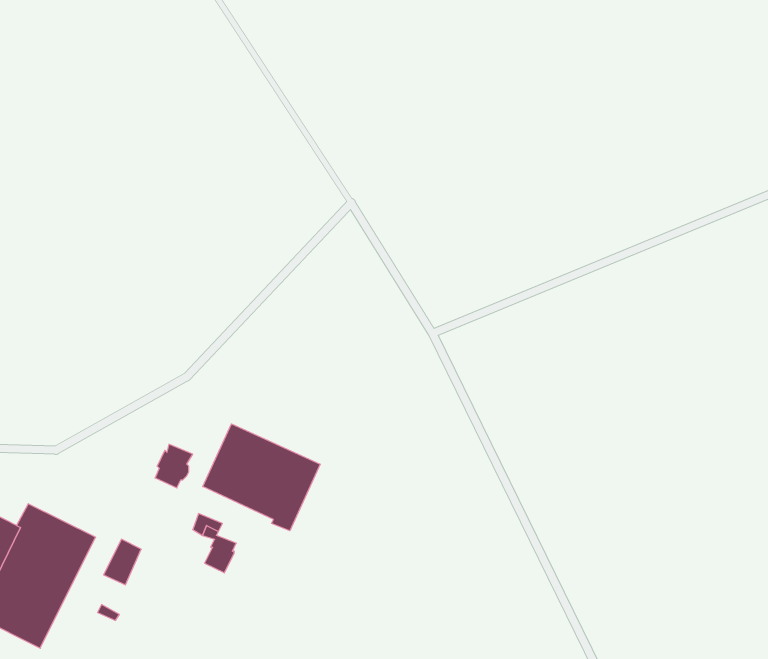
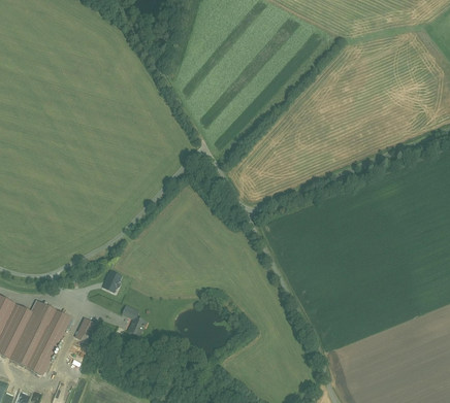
building: [203,424,320,531] -> none

